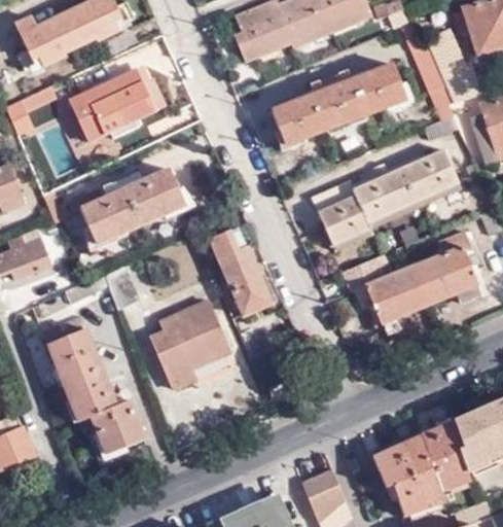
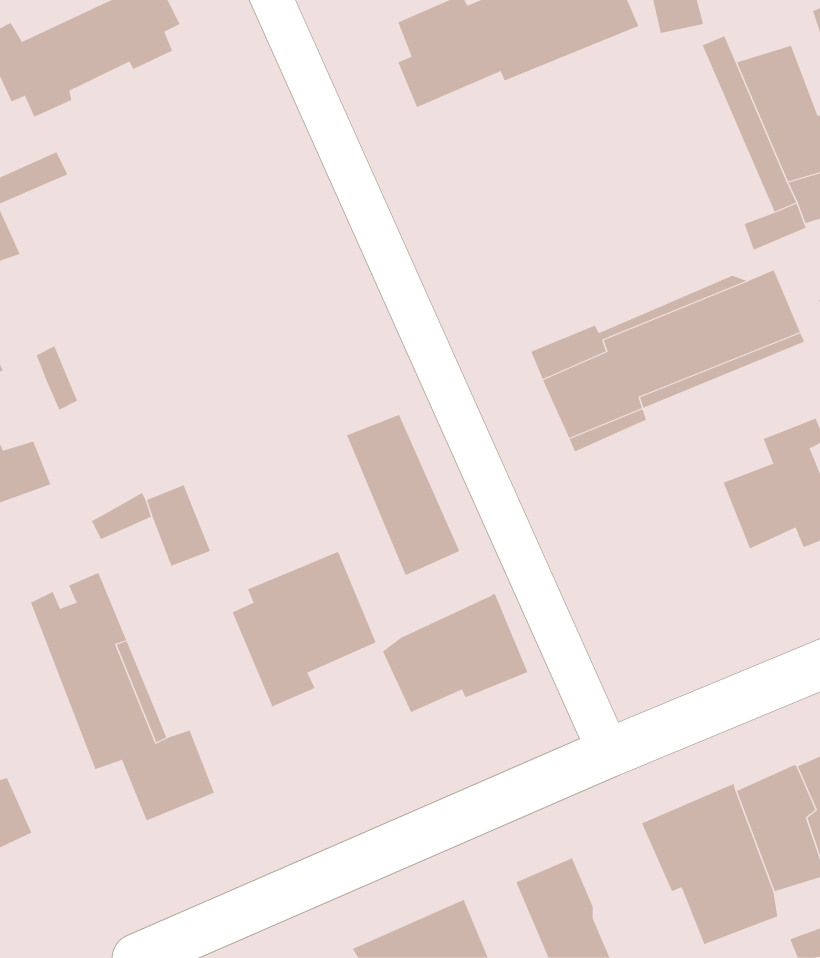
building: [273,63,405,145] -> none
building: [71,71,164,141] -> none
building: [69,170,184,246] -> none
building: [350,262,430,330] -> none
building: none -> [382,592,528,713]

